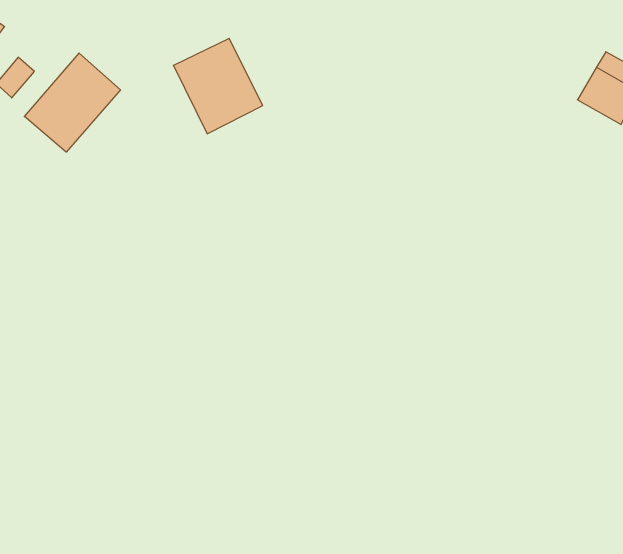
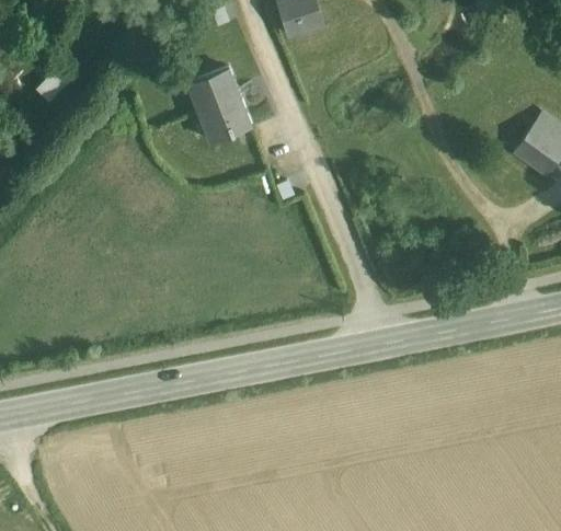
building: [24,53,120,152] -> none

